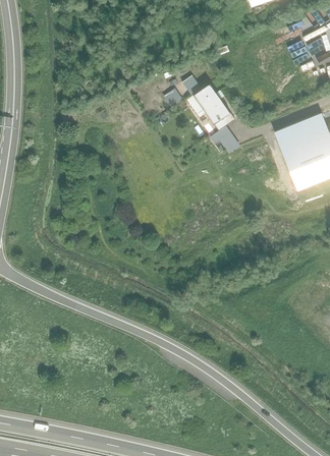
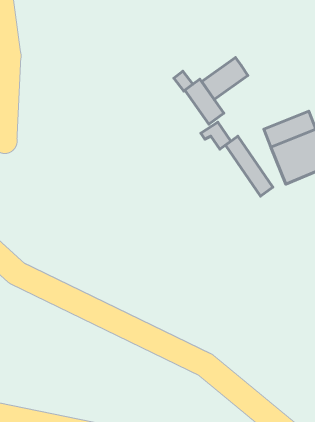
building: none -> [202,58,248,99]
building: none -> [225,136,273,196]

